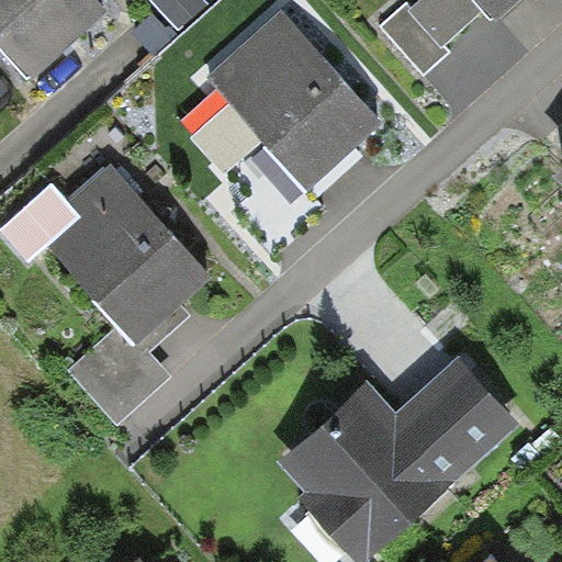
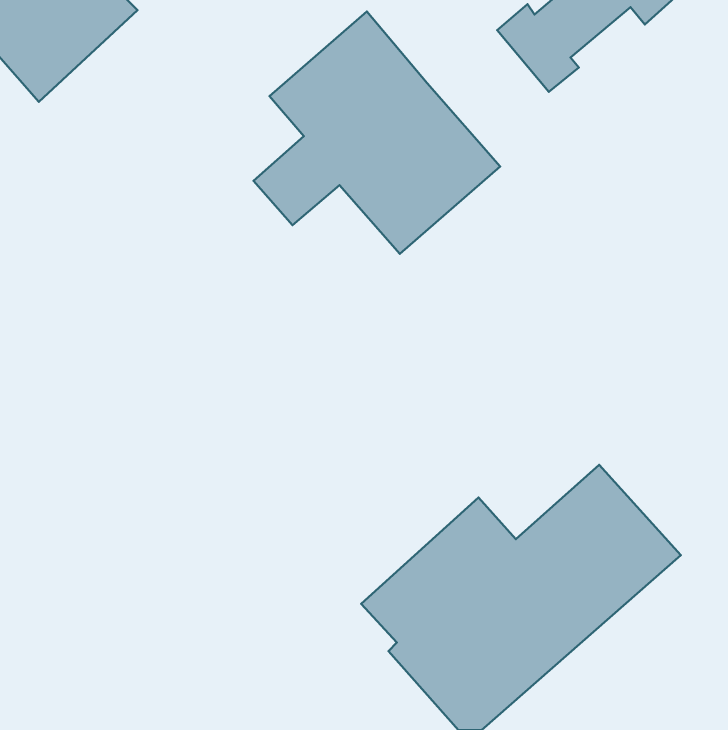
building: [44,162,209,422] -> none

